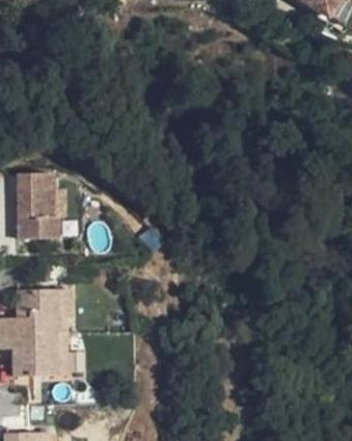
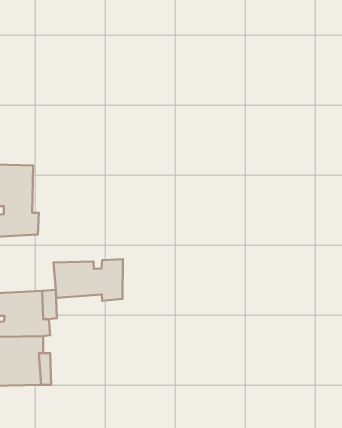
building: none -> [54,259,123,301]

